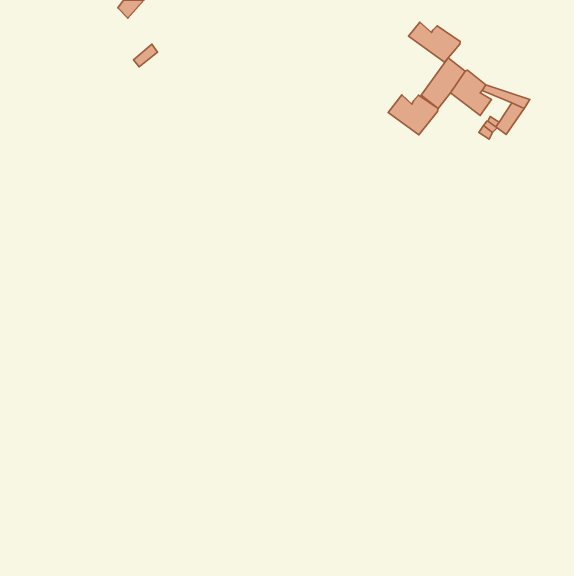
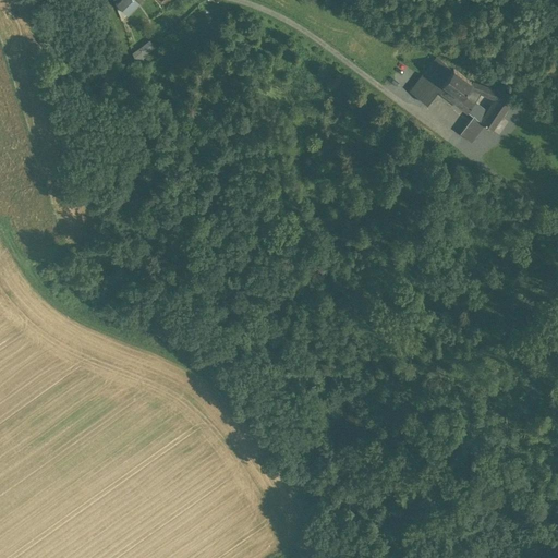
building: [409,22,460,62] -> none
building: [388,95,438,135] -> none

